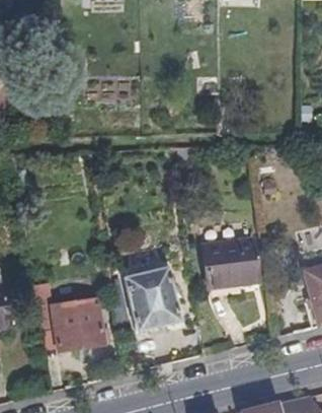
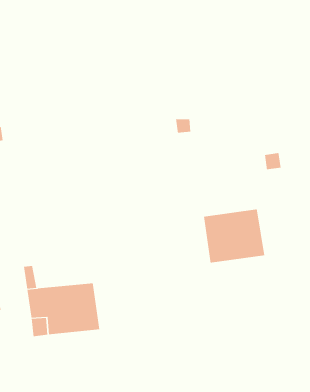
building: [124,268,181,333] -> none

